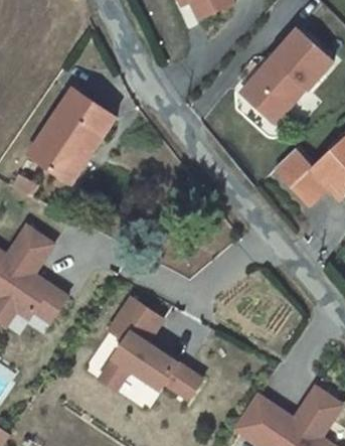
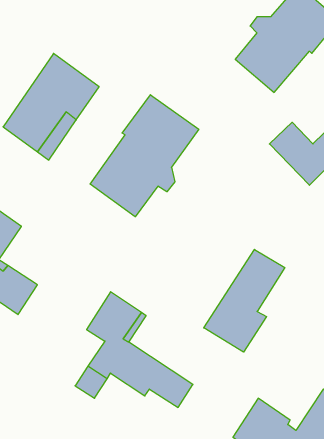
building: none -> [90,95,199,217]
building: none -> [204,249,285,352]

